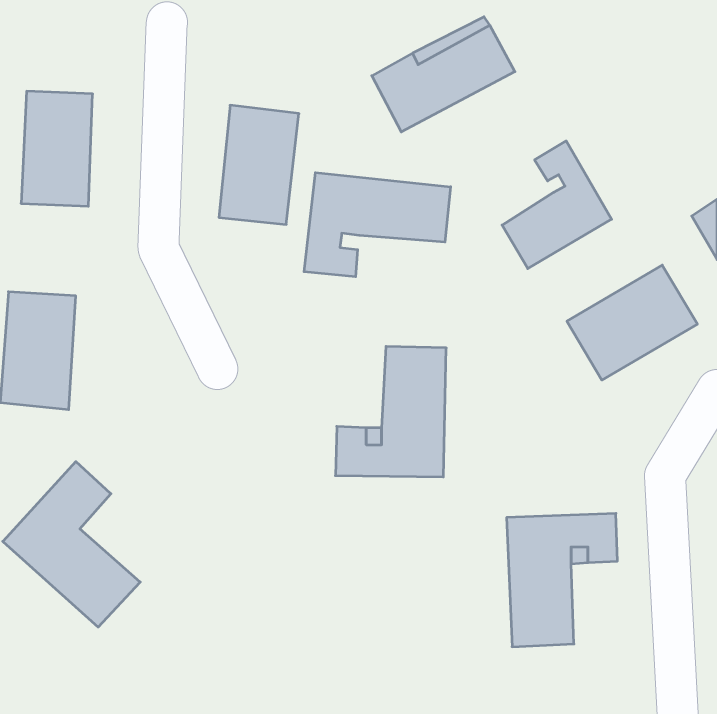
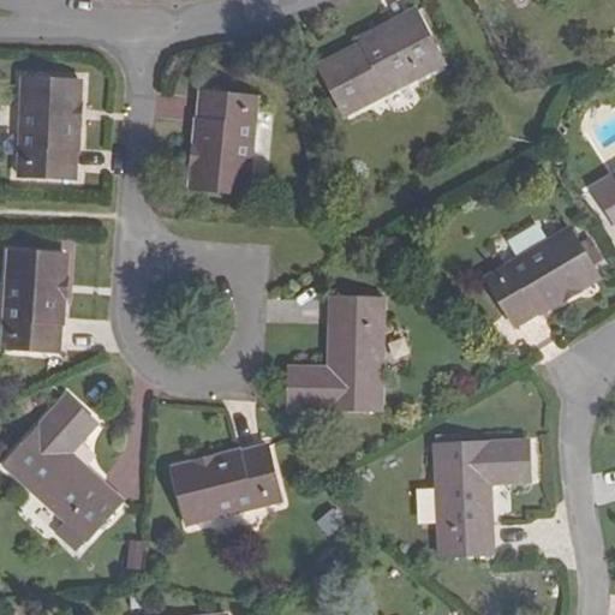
building: [502,141,612,269] -> none
building: [304,173,451,277] -> none
building: none -> [172,443,280,523]

